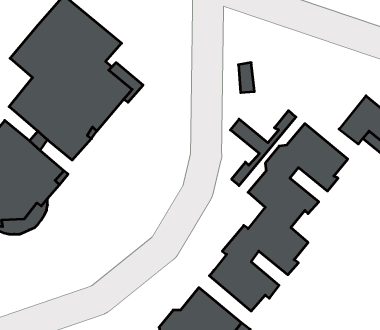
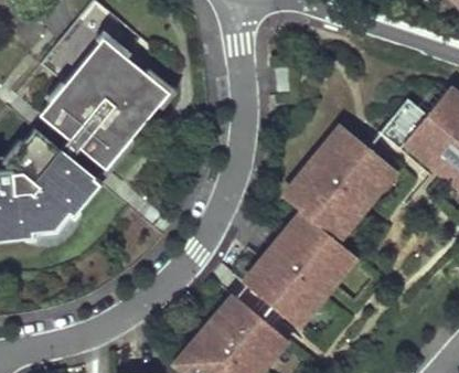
building: [230,111,296,186] -> [329,164,396,242]
building: none -> [289,251,356,329]

